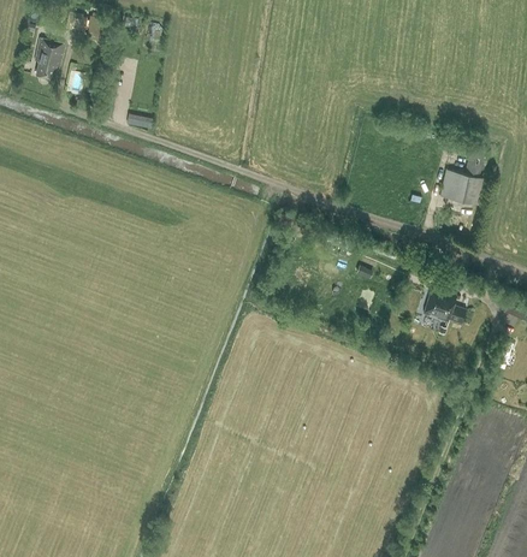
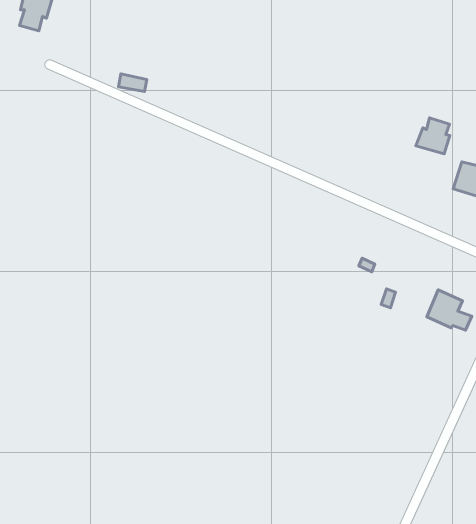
building: none -> [416,118,450,154]

